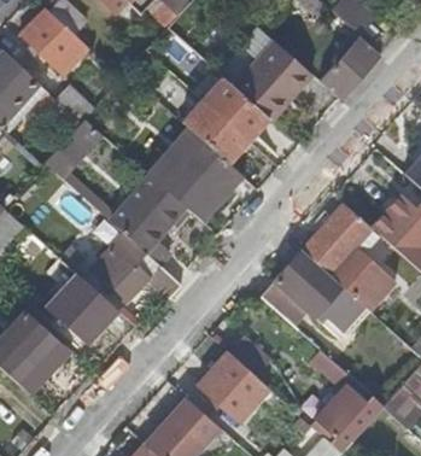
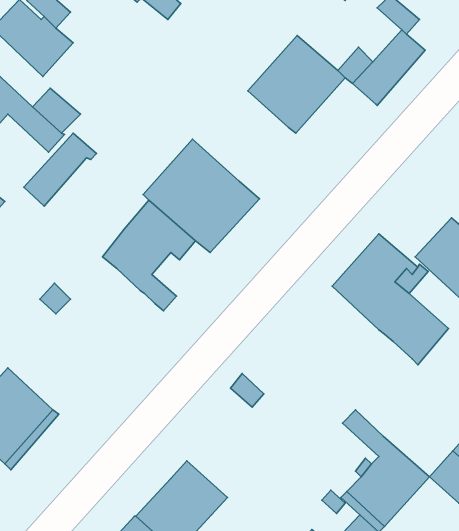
building: [181,77,265,162] -> none
building: [89,234,180,303] -> none
building: [259,249,368,337] -> none
building: [45,274,117,344] -> none
building: [197,350,267,419] -> none

